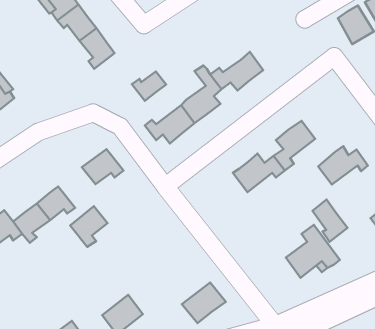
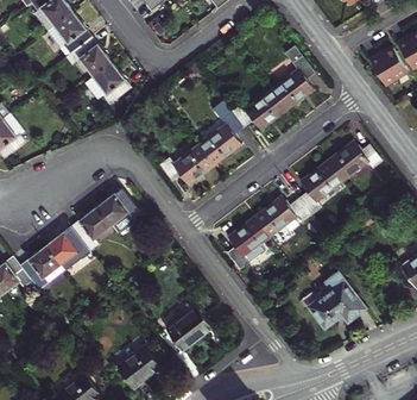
building: none -> [272,46,316,108]
building: [132,71,166,101] -> none
building: [318,146,368,185] -> [327,140,379,181]
building: none -> [228,217,270,269]
building: [312,200,347,242] -> none
building: [70,206,108,247] -> [70,211,109,254]
building: [182,283,226,323] -> [164,306,210,349]

